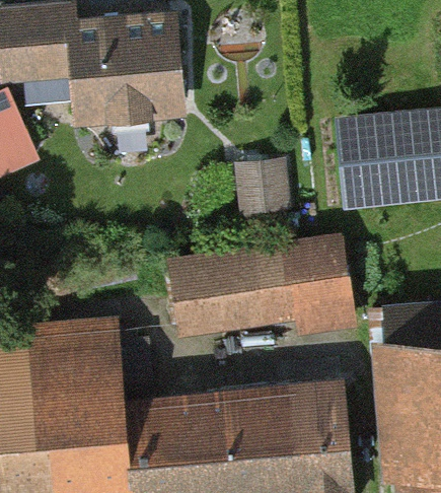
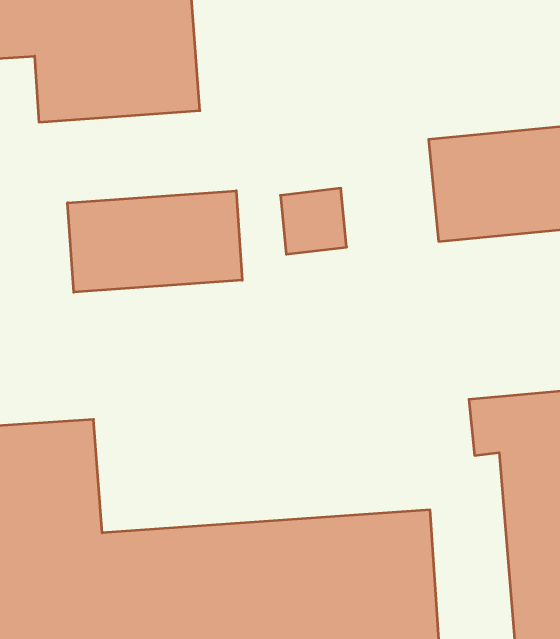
building: none -> [68,191,242,292]
building: [181,246,353,329] -> none

